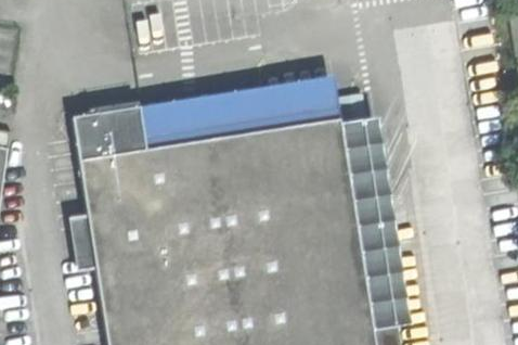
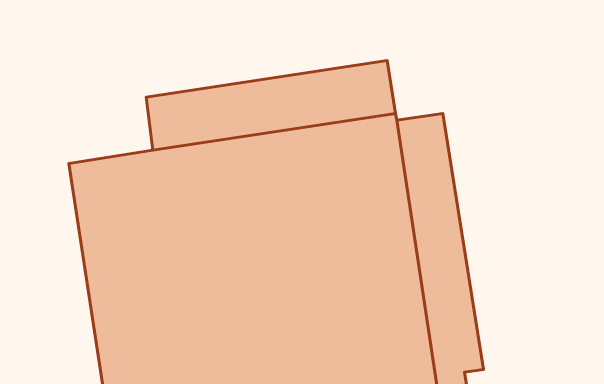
building: [72,107,145,161] -> none

